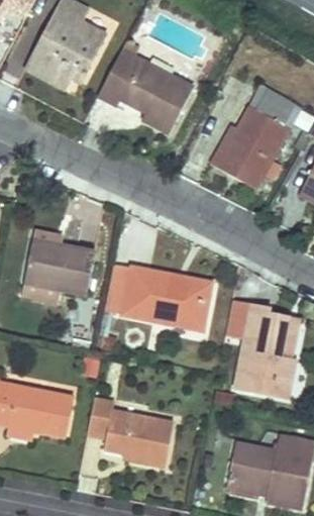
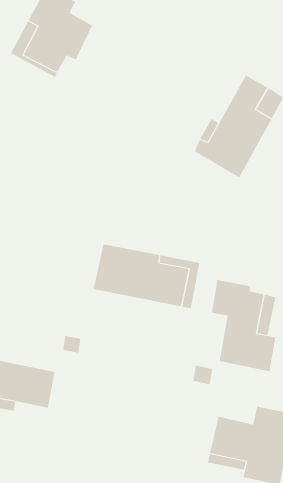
building: [98,42,195,139] -> none
building: [27,237,99,295] -> none
building: [87,396,173,463] -> none

